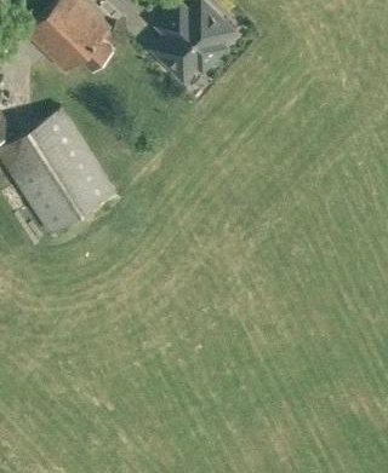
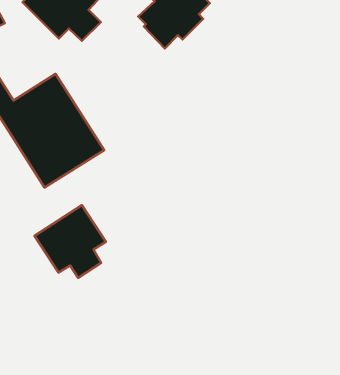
building: none -> [35,205,106,278]

